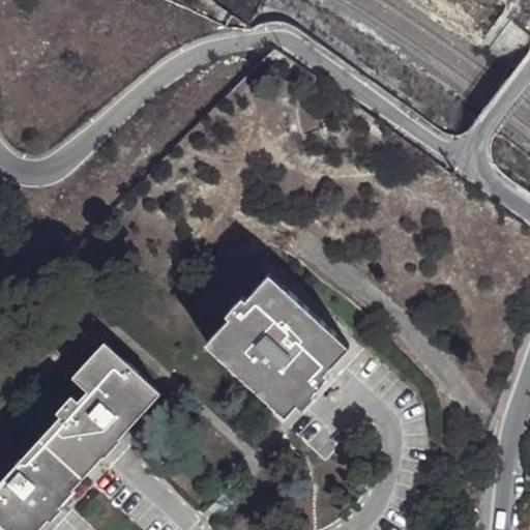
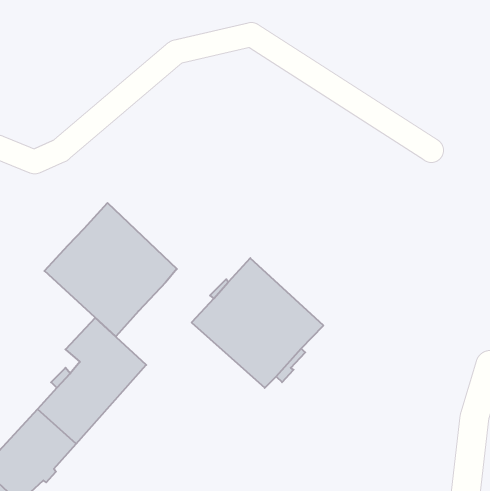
building: none -> [44,203,177,337]

